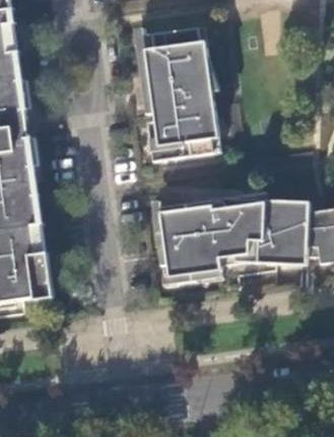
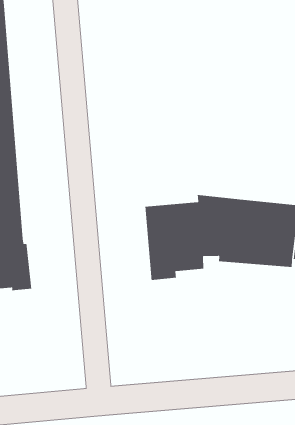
building: [144,24,219,160] -> none

